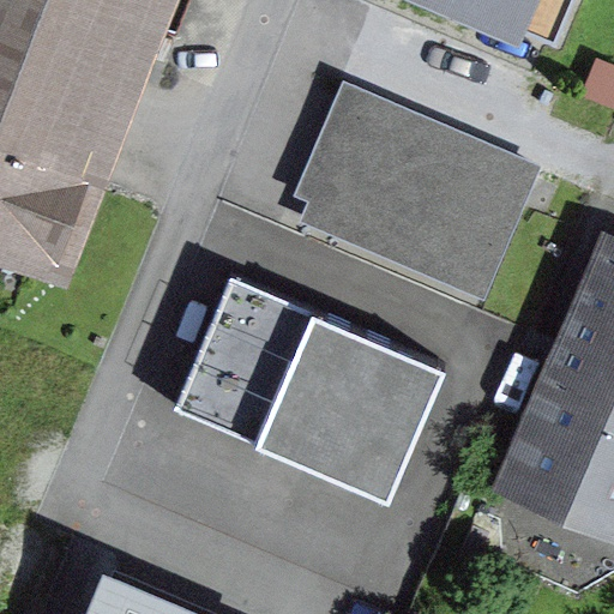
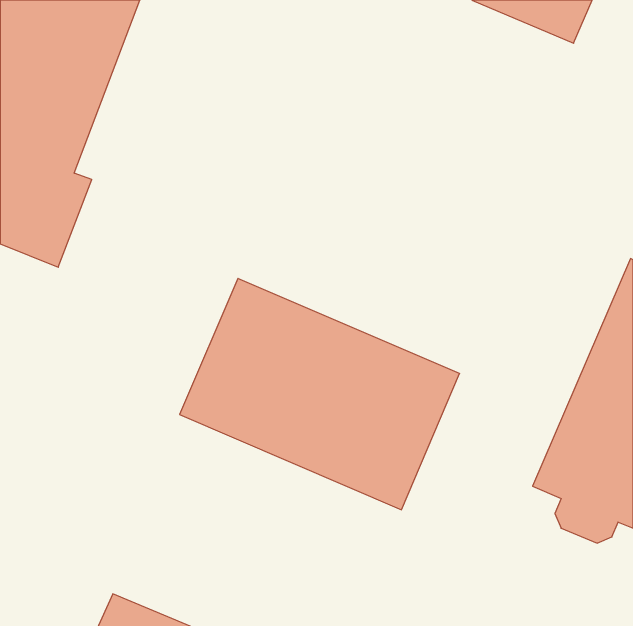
building: [307,96,531,289] -> none

